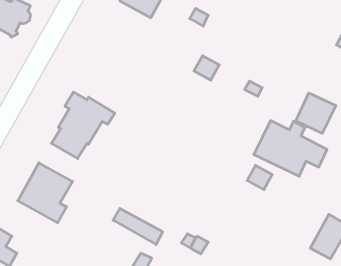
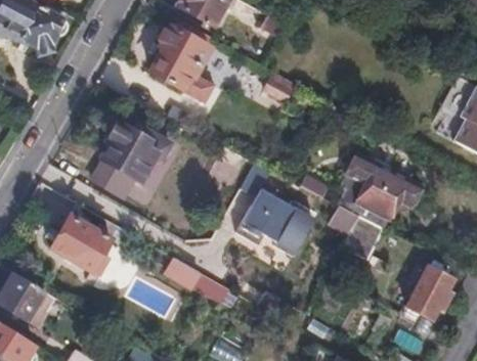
building: none -> [150,27,215,103]
building: [296,93,336,133] -> none
building: none -> [244,188,316,255]
building: none -> [343,217,384,259]

